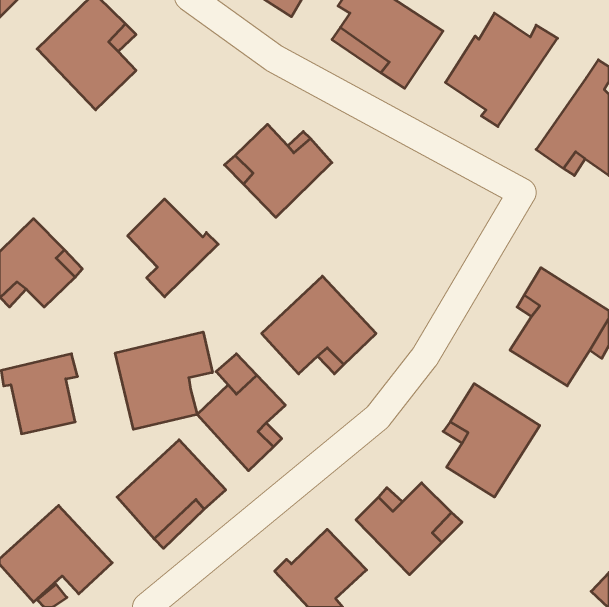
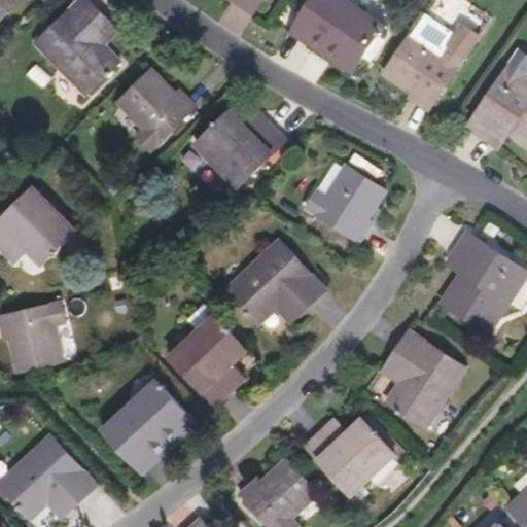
building: none -> [305,163,385,241]
building: [128,199,218,297] -> [116,67,195,151]
building: [115,332,212,429] -> none

